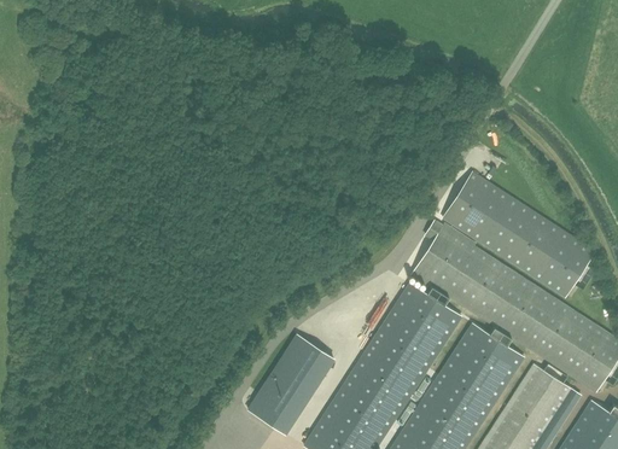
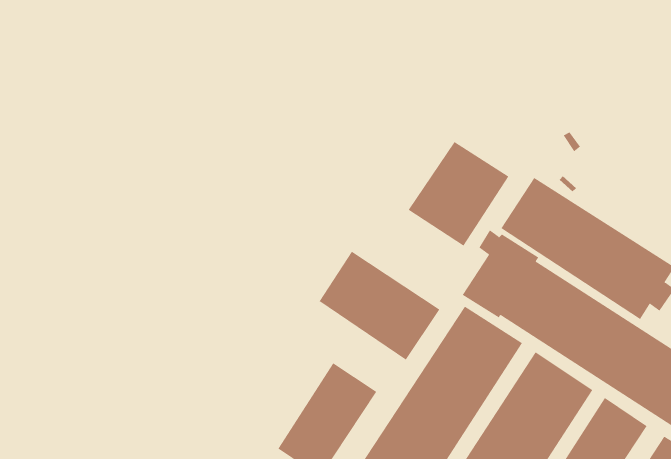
building: none -> [408,141,509,247]
building: none -> [319,251,440,361]

